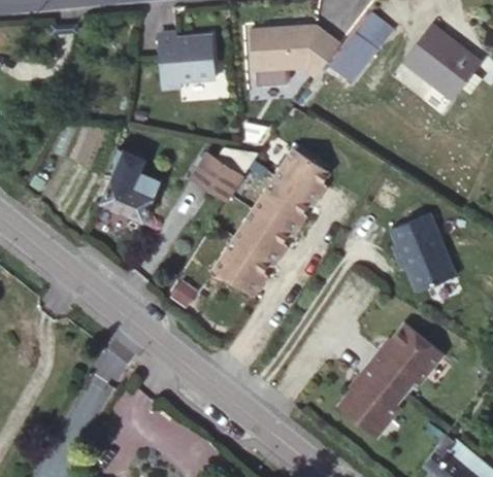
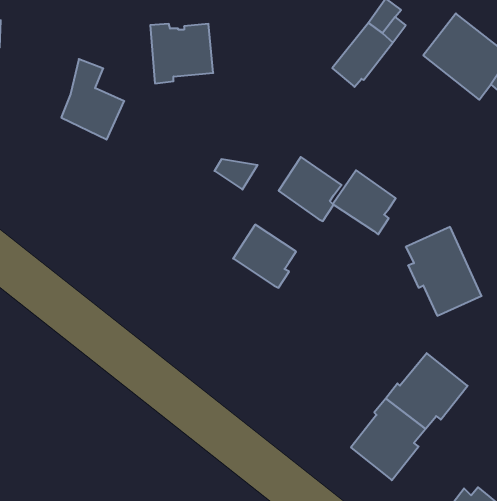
building: [250,24,339,75] -> none
building: [101,148,157,219] -> [61,59,124,140]
building: [191,157,243,207] -> none
building: [254,180,309,237] -> [333,170,396,234]
building: [215,240,270,297] -> none

